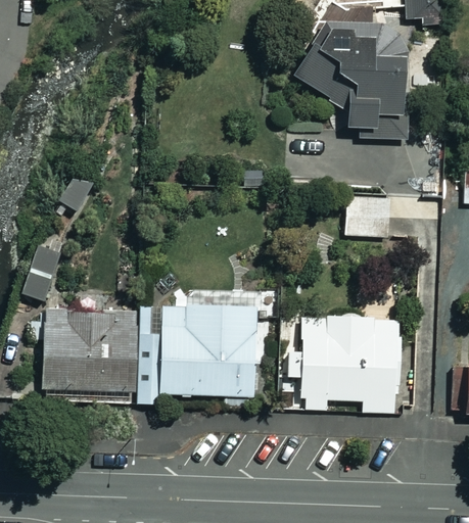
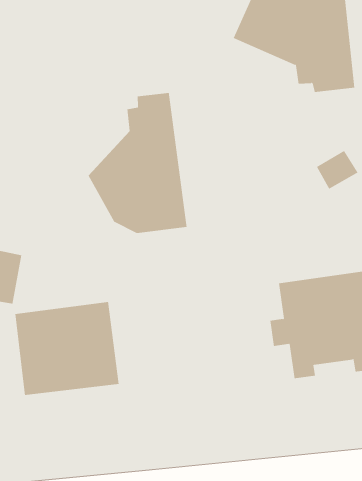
building: none -> [88,92,187,234]
building: [141,304,268,403] -> none

